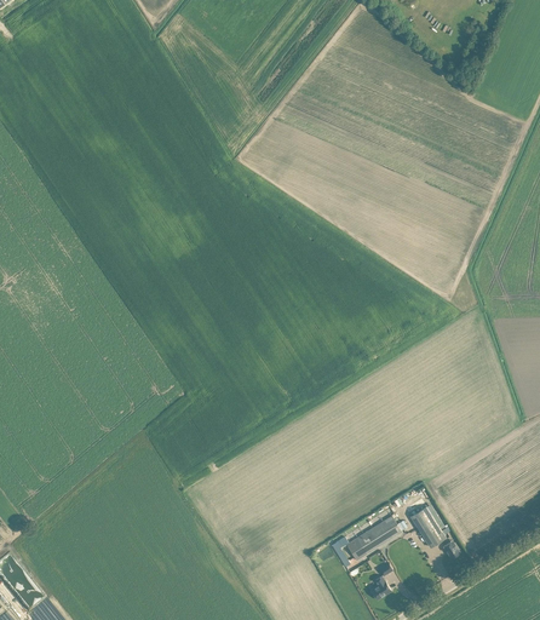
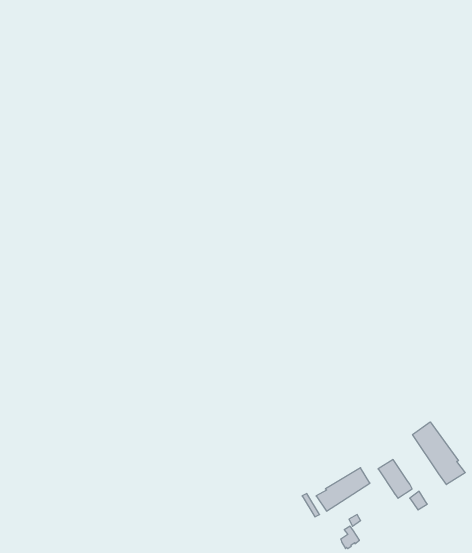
building: none -> [413,422,465,485]

